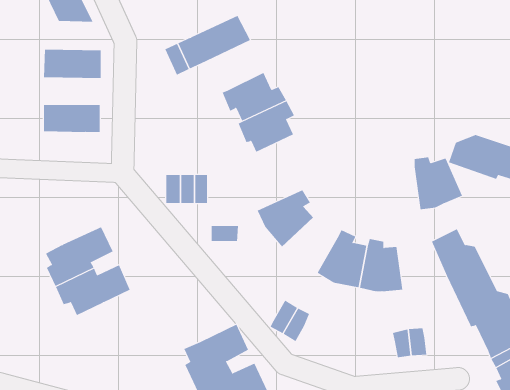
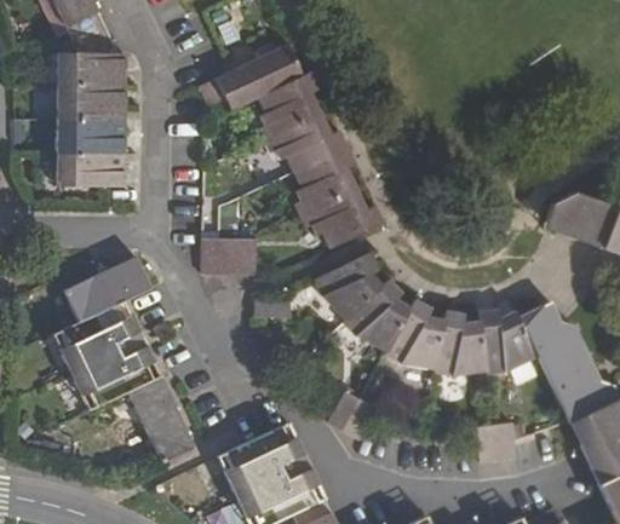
building: none -> [54,53,125,88]
building: none -> [252,73,321,137]
building: none -> [54,121,125,154]
building: none -> [306,190,385,249]
building: [414,157,463,210] -> [482,313,541,378]
building: none -> [63,257,150,323]
building: none -> [343,284,411,357]
building: none -> [127,378,194,462]

